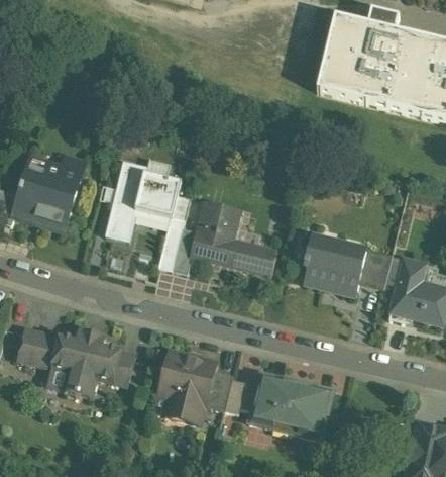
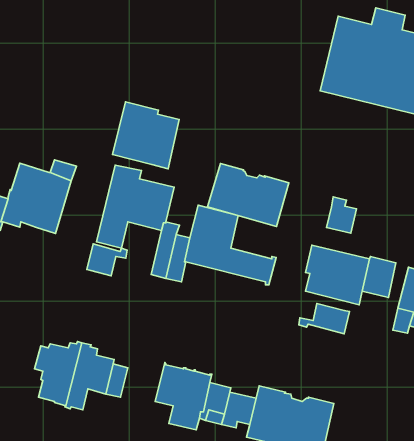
building: none -> [112,102,179,169]
building: none -> [207,163,289,227]
building: none -> [326,197,357,233]
building: none -> [87,244,127,276]
building: none -> [299,304,349,334]
building: [17,328,53,368] -> none

